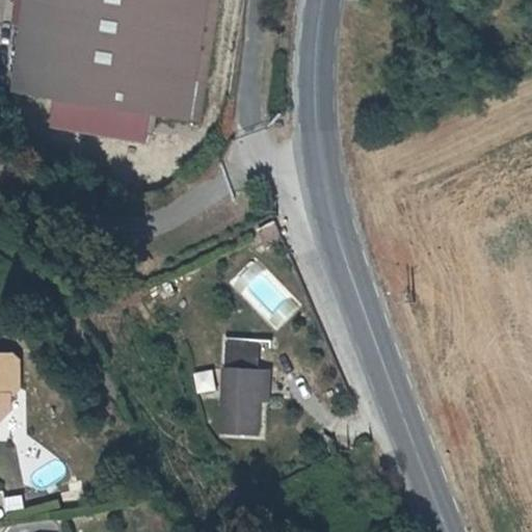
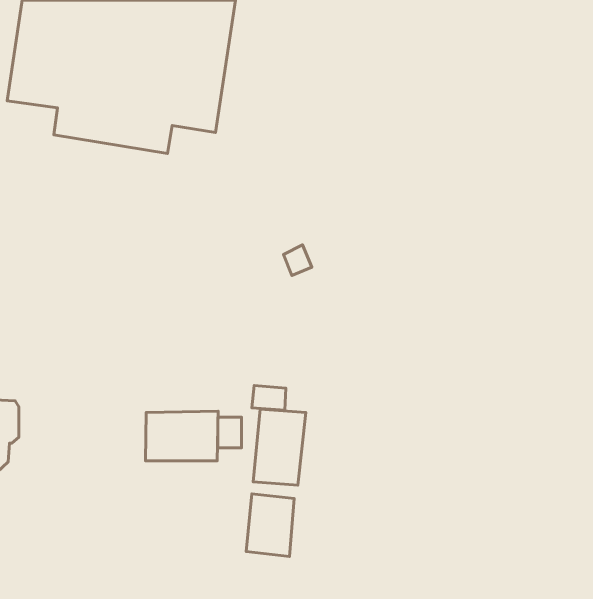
building: none -> [145,411,218,461]
building: none -> [246,494,294,556]

